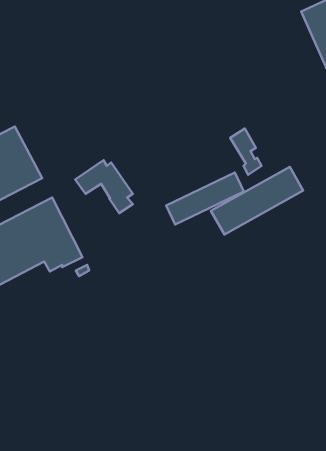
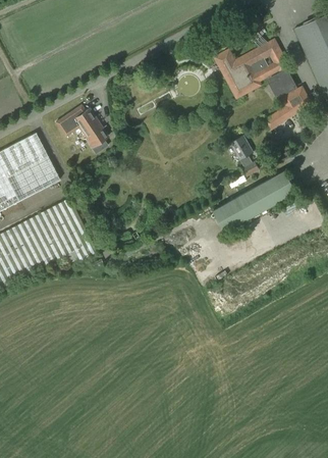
building: none -> [214,39,311,131]
building: [75,160,133,213] -> [56,105,108,153]
building: [166,173,244,225] -> none

